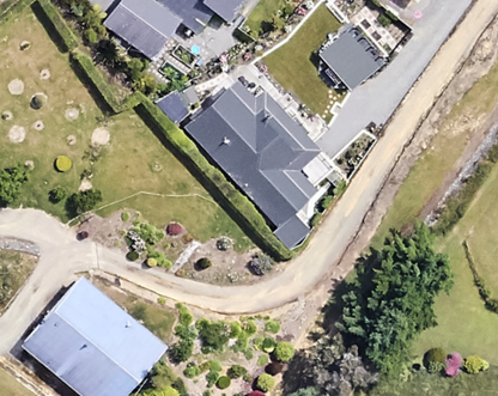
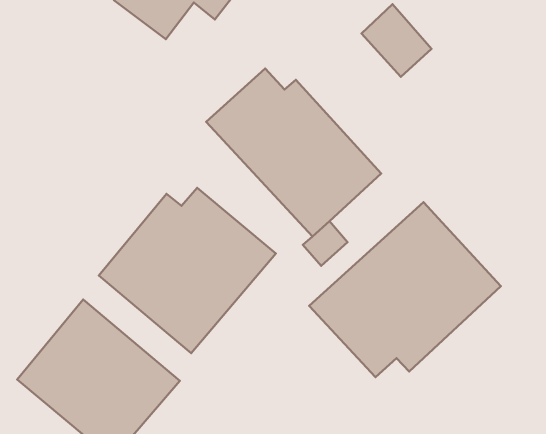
building: none -> [99,188,276,353]
building: none -> [309,202,501,377]

